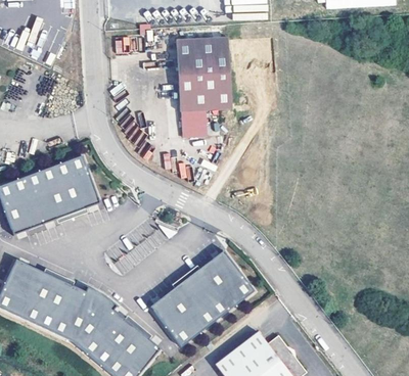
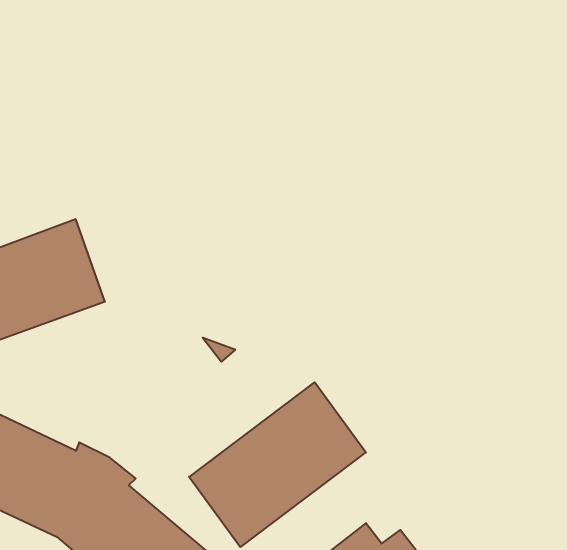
building: [178,35,236,134] -> none

